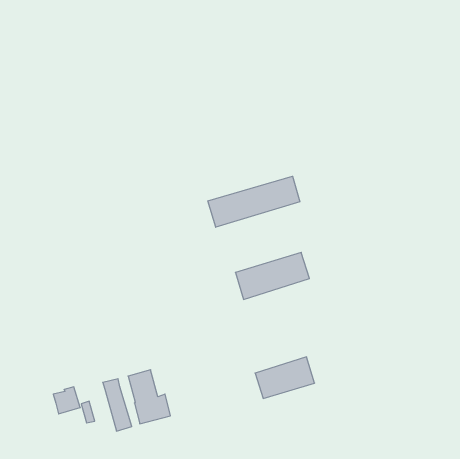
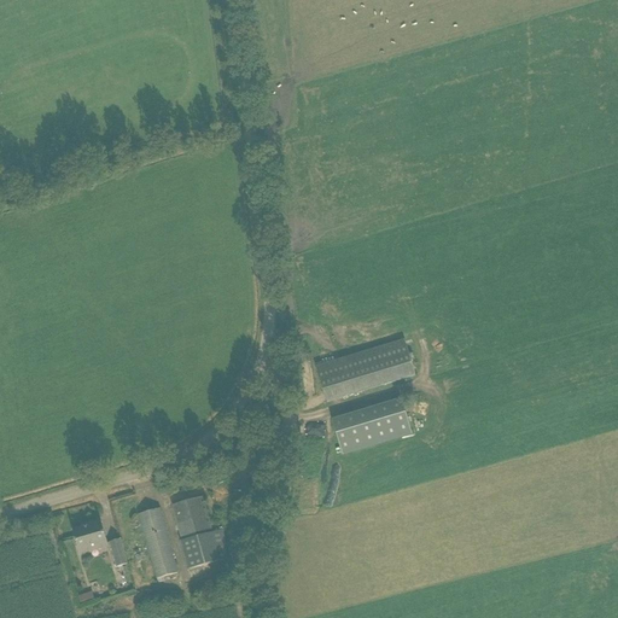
building: [208,176,300,227] -> none
building: [255,357,315,398] -> [331,397,410,453]

